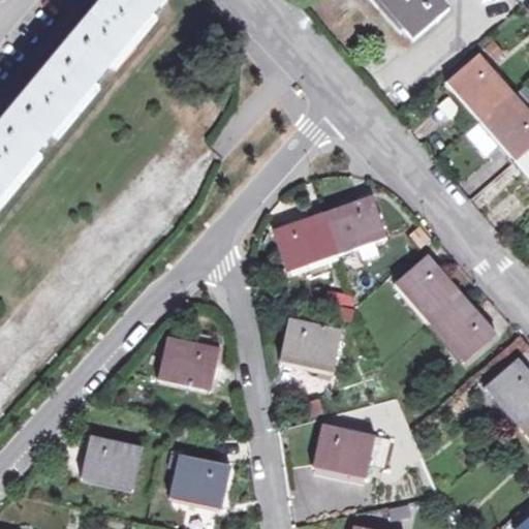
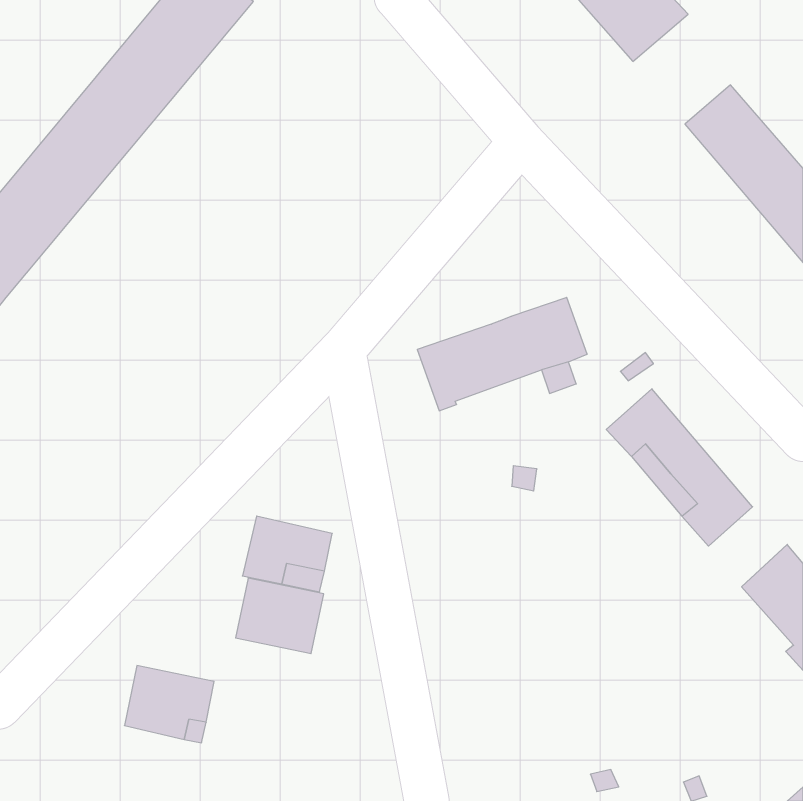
building: [280,320,341,374] -> none
building: [314,424,388,474] -> none
building: [170,456,228,505] -> [236,578,324,654]

